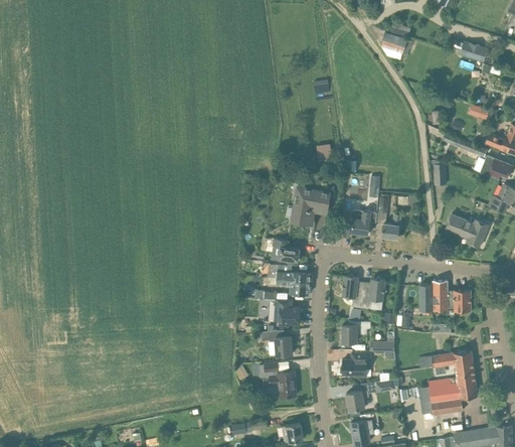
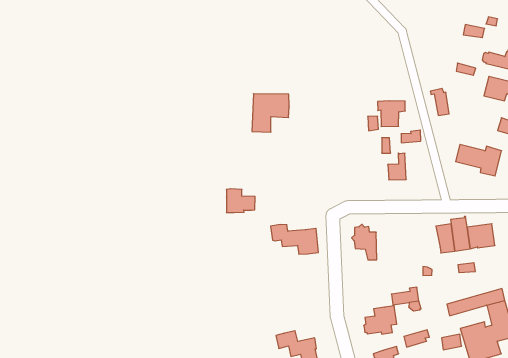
building: [291,188,329,226] -> [252,94,289,132]
building: [350,210,376,236] -> [378,101,405,126]
building: [271,240,299,263] -> [226,189,255,213]
building: [360,278,386,311] -> none
building: [268,299,299,326] -> none
building: [339,320,370,342] -> none
building: [261,331,292,356] -> none

